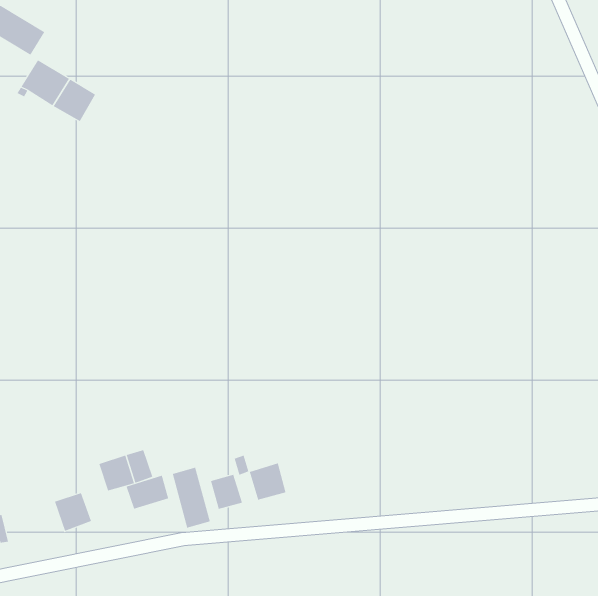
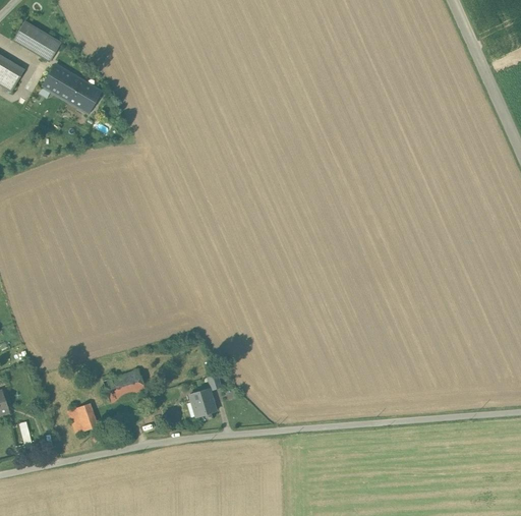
building: [249,463,286,501] -> none
building: [172,467,210,528] -> none
building: [126,475,169,510] -> none

